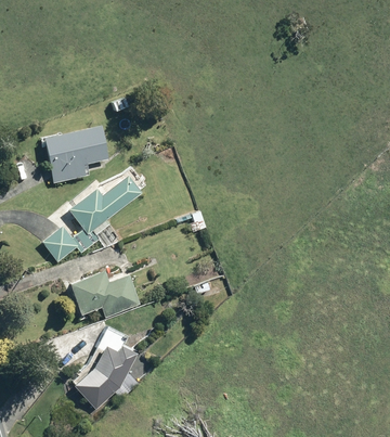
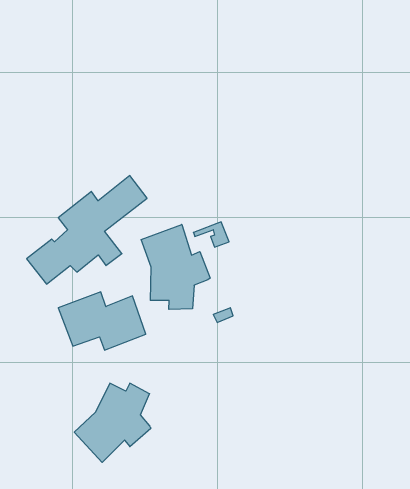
building: [42,125,107,184] -> none
building: none -> [141,224,210,309]

